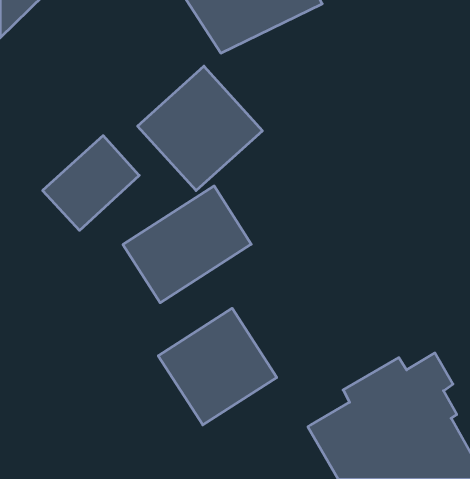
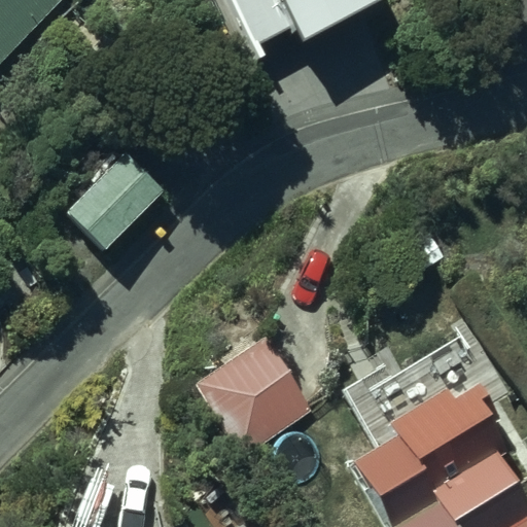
building: [138,66,262,191] -> none
building: [123,186,251,303] -> none

